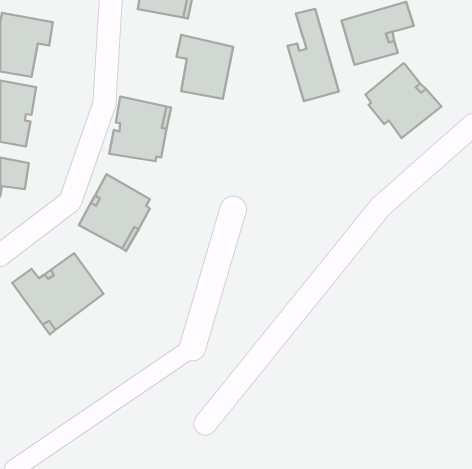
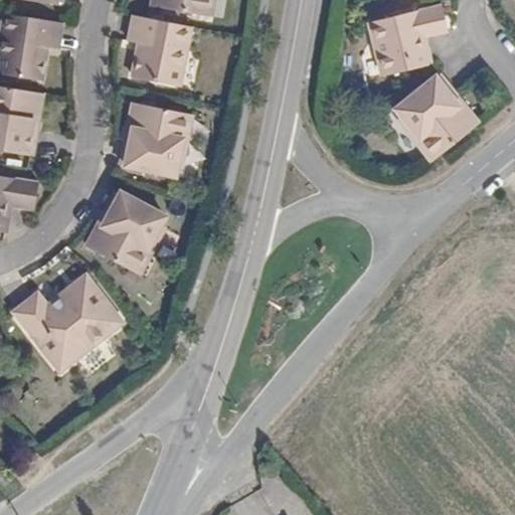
building: [288,9,339,101] -> none
building: [177,35,233,99] -> [126,18,187,88]

